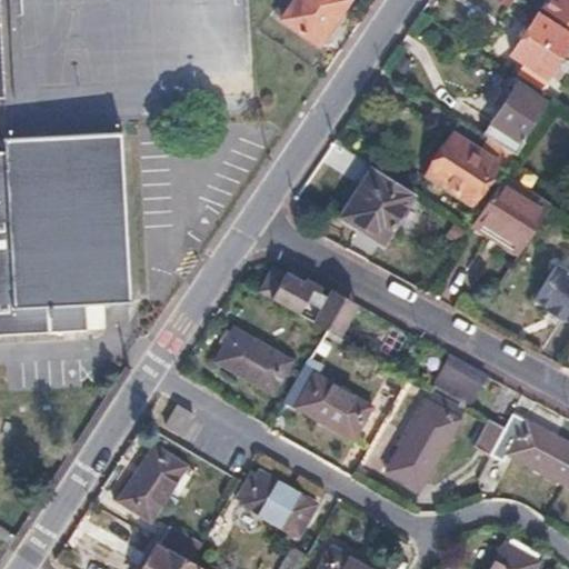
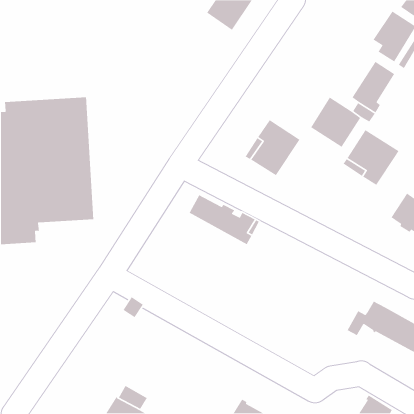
building: [214,328,292,395] -> none
building: [435,356,485,400] -> none
building: [286,367,375,440] -> none
building: [387,398,462,491] -> none
building: [116,443,188,522] -> none
building: [240,471,318,538] -> none

